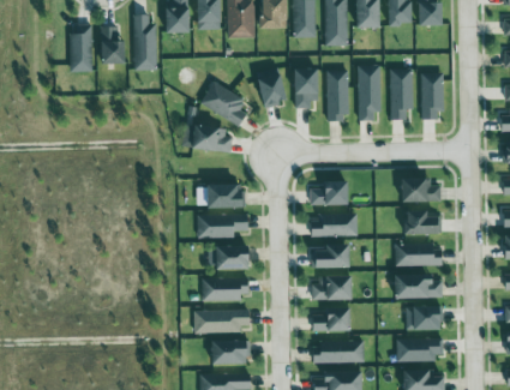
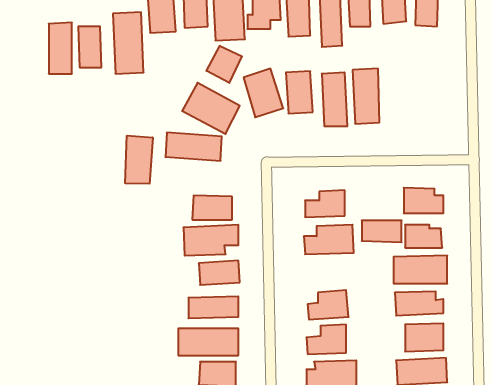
building: none -> [206,46,242,83]
building: [390,70,413,121] -> none
building: [422,72,446,119] -> none
building: none -> [125,136,153,184]
building: [313,246,350,266] -> [362,220,402,242]

